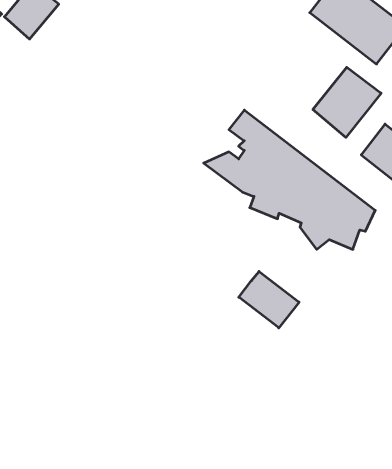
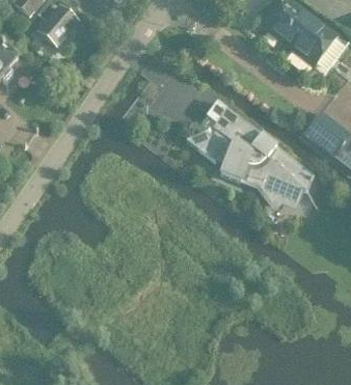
building: [313,67,381,137] -> none
building: [239,271,299,328] -> none

